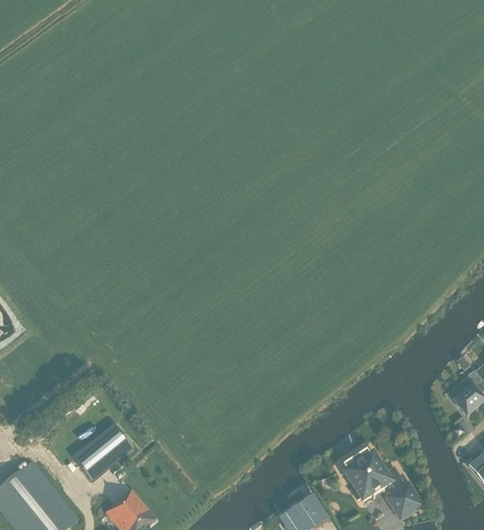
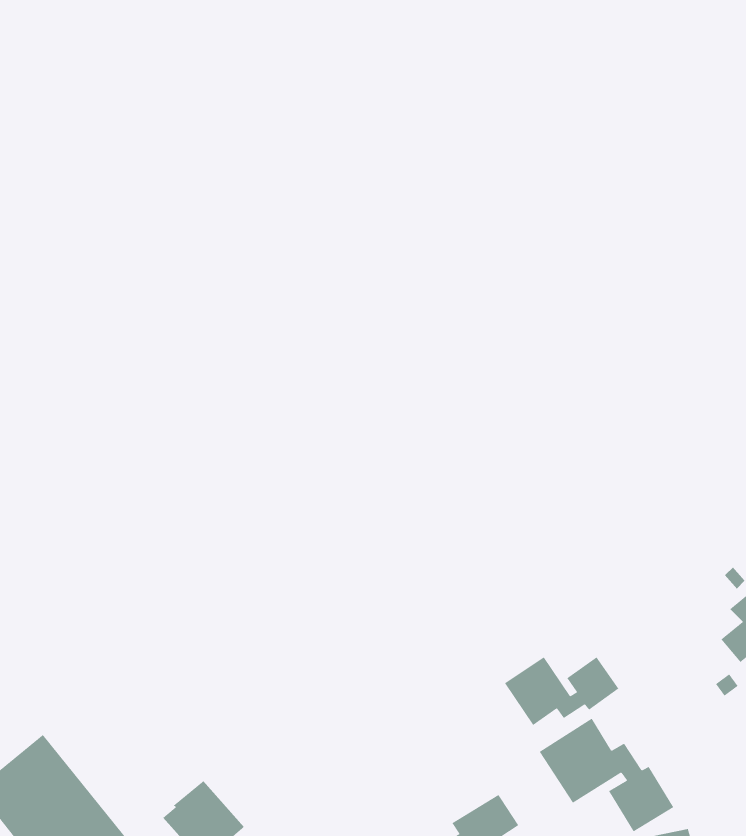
building: none -> [504,657,619,726]
building: [72,422,132,479] -> none

